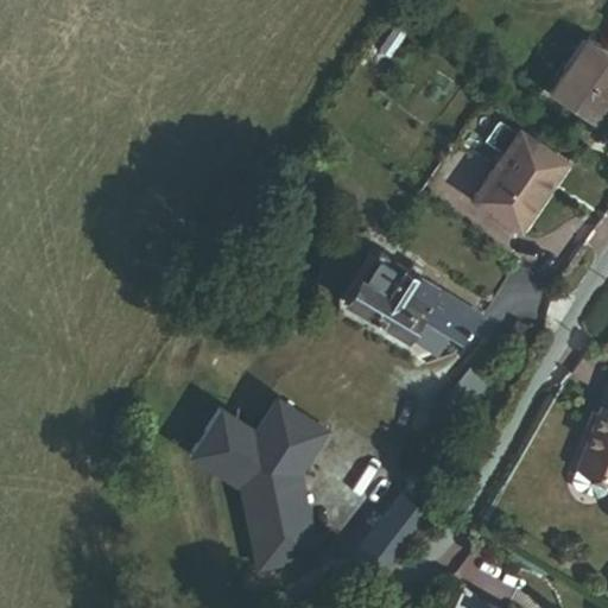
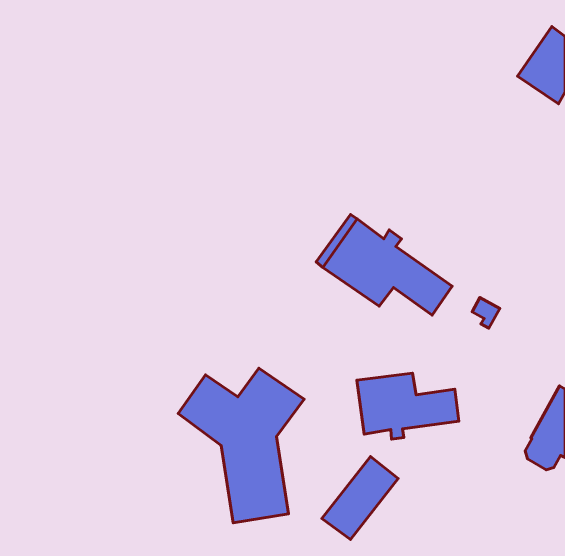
building: [481,131,572,227] -> none
building: none -> [357,373,459,439]

